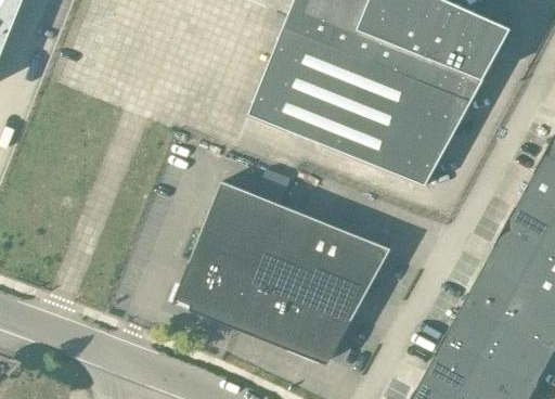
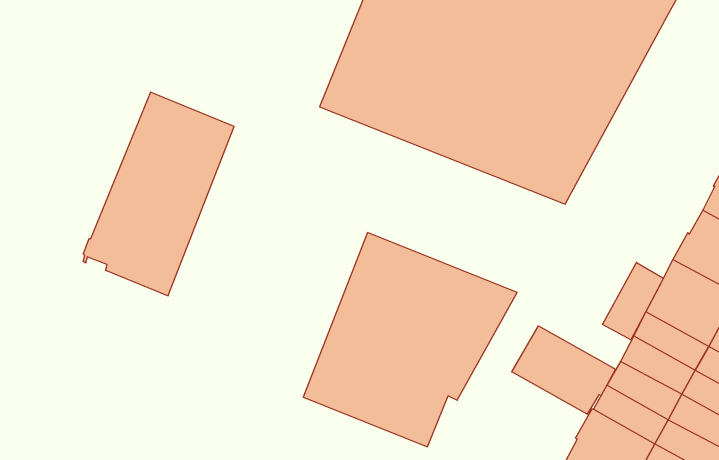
building: [173,181,283,329] -> [83,92,234,296]
building: none -> [603,262,663,340]
building: none -> [512,326,615,414]

